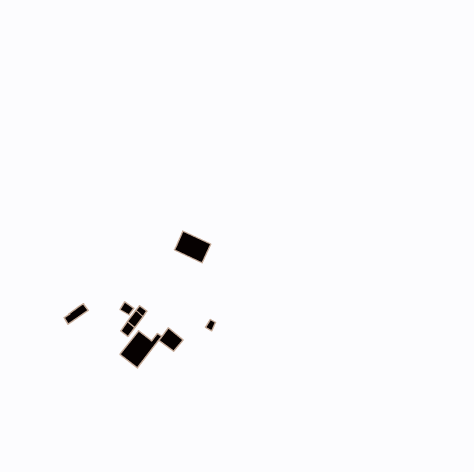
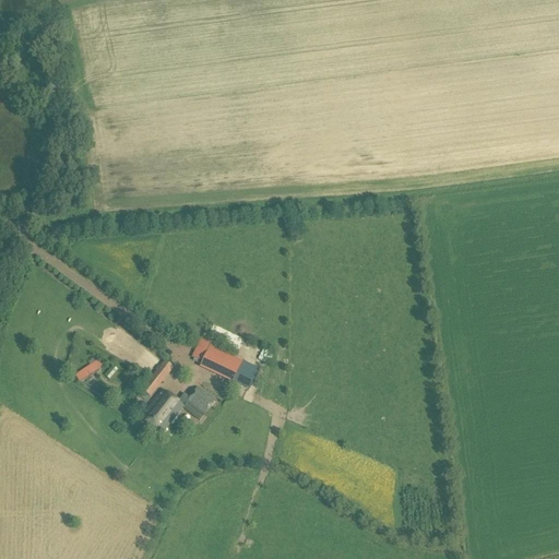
building: [174,231,211,263] -> [201,344,243,381]

